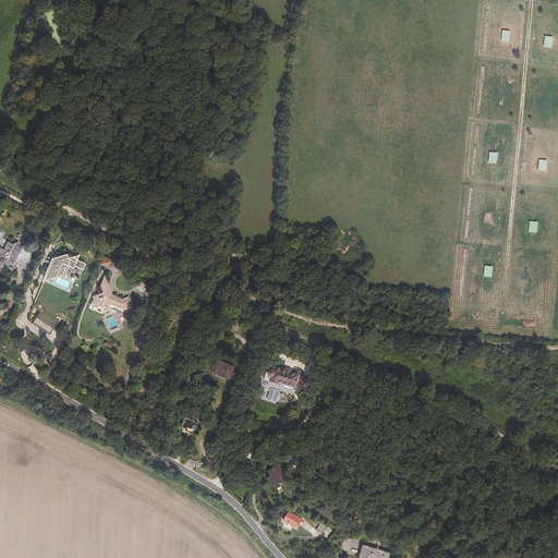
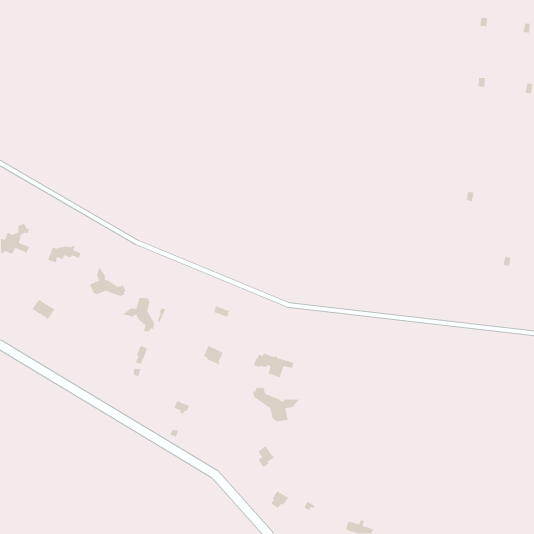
building: none -> [121,297,155,332]
building: none -> [252,387,300,422]

